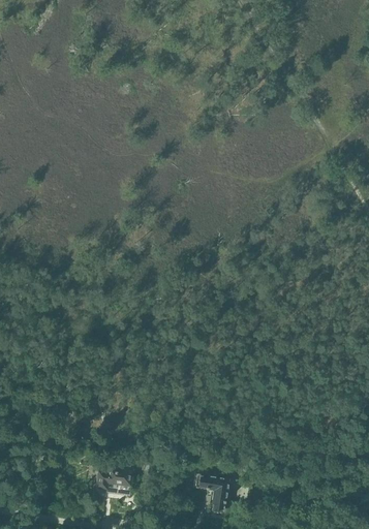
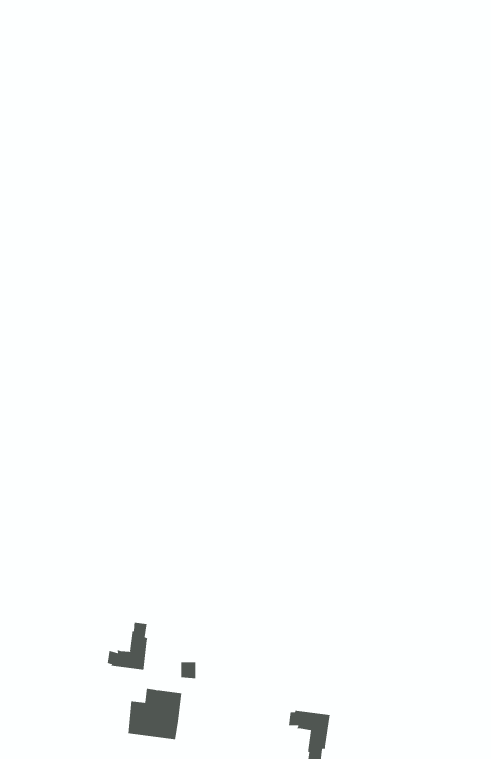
building: none -> [107,622,148,670]

